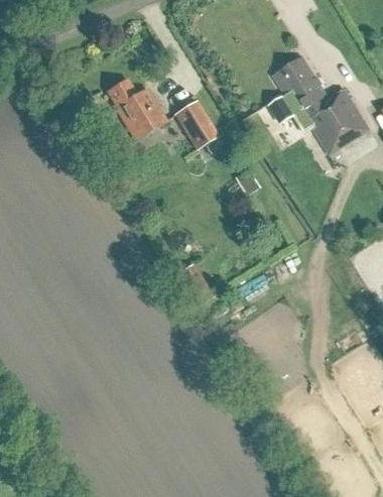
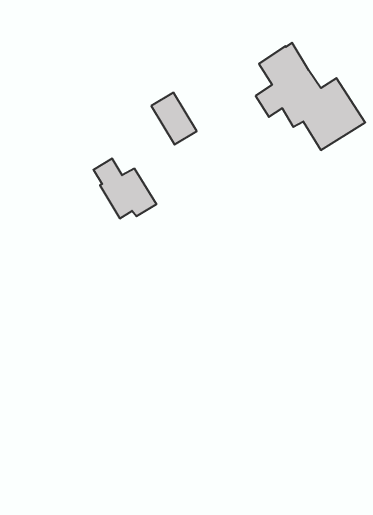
building: [109,80,166,134] -> [93,159,157,218]

